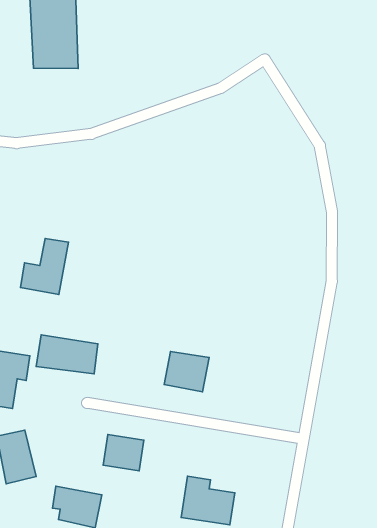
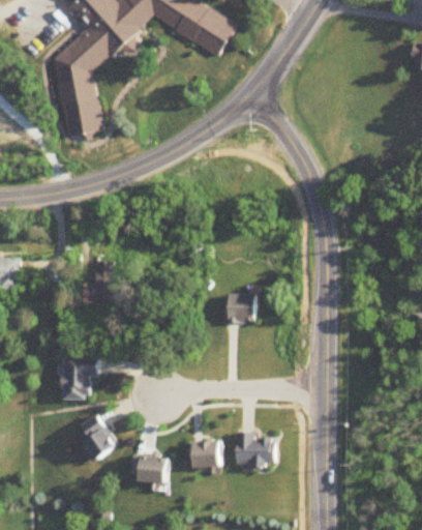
building: [36,335,98,374] -> none
building: [164,351,209,392] -> [224,296,257,324]
building: [103,434,144,471] -> [194,443,223,468]

